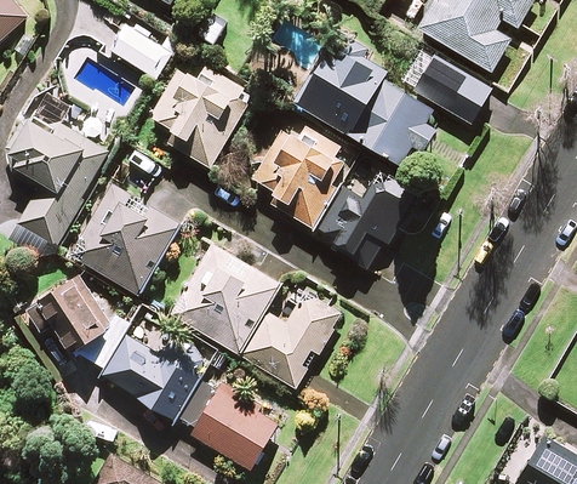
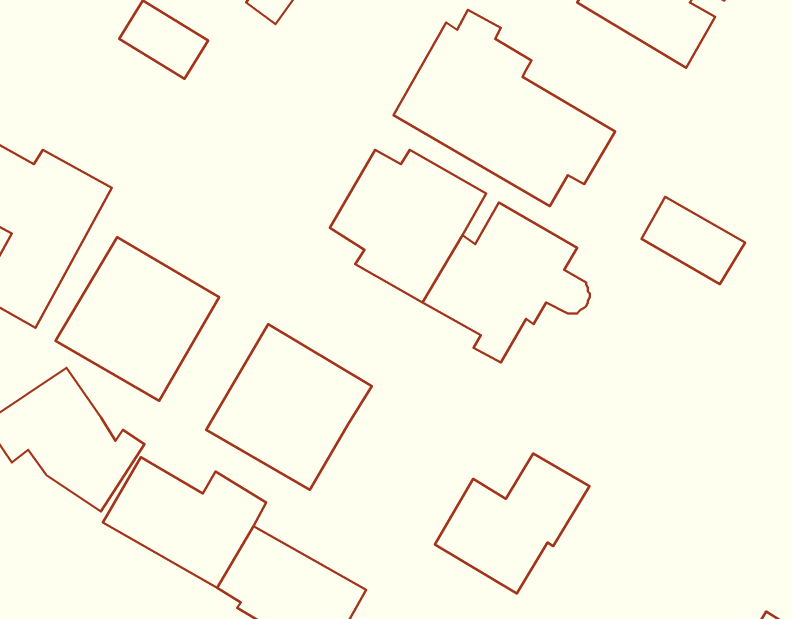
building: [418,58,487,116] -> [642,197,745,284]
building: [149,68,251,169] -> none
building: [239,294,342,387] -> [435,454,589,594]

